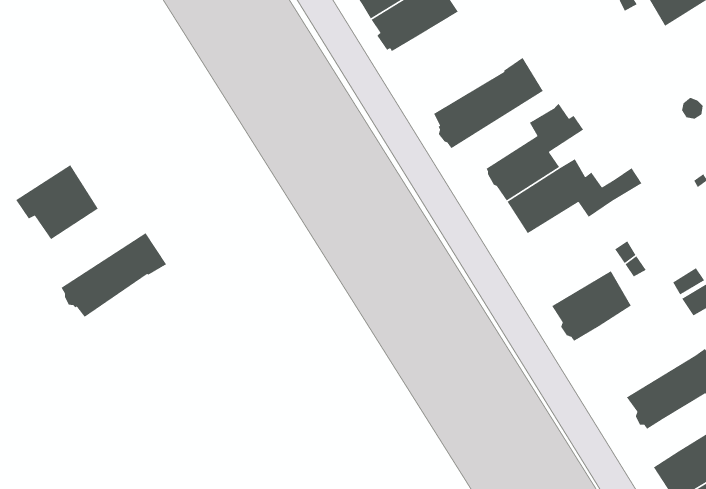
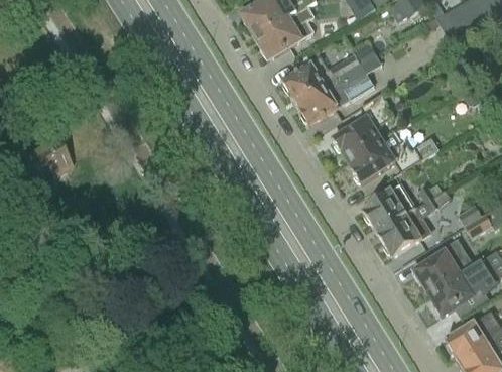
building: none -> [282,38,375,100]
building: [61,232,167,318] -> none
building: none -> [362,181,417,230]
building: none -> [414,249,474,291]

